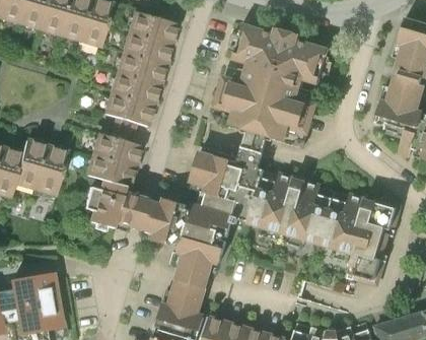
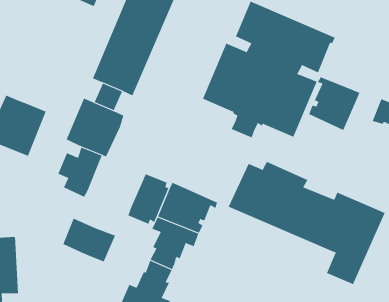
building: none -> [309,76,360,131]
building: [191,146,264,220] -> none
building: [114,193,163,231] -> [63,218,116,262]

